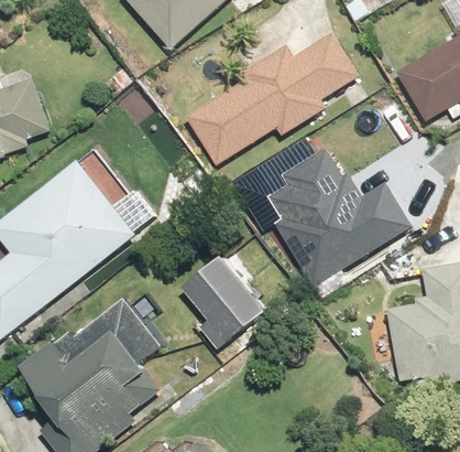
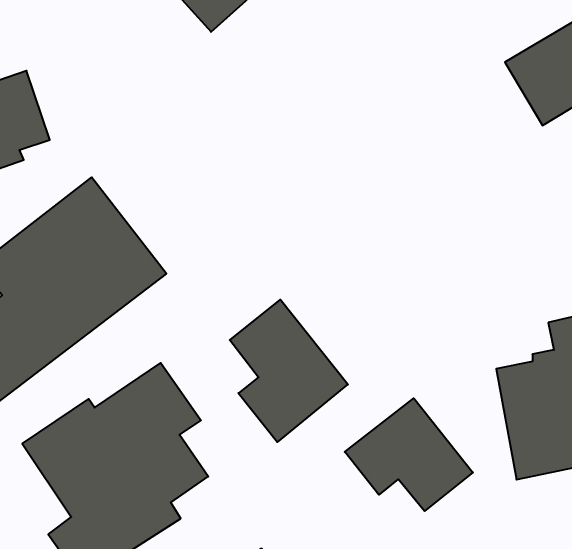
building: [185,32,358,164] -> none
building: [269,149,410,286] -> none
building: none -> [345,398,473,511]

